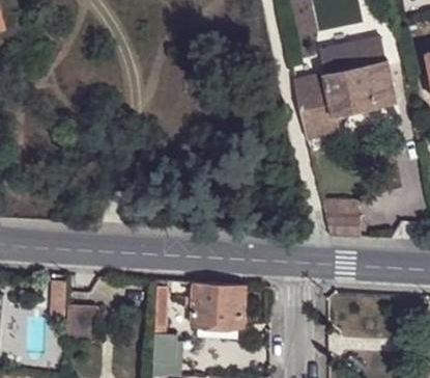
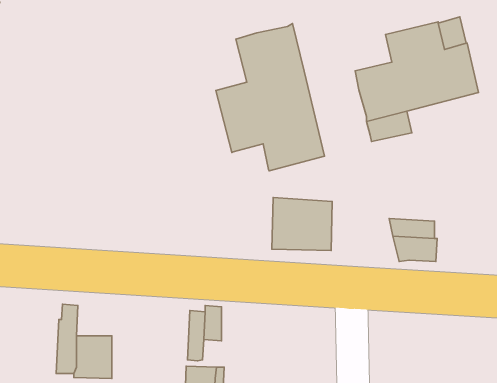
building: none -> [216,24,324,171]
building: [194,282,243,326] -> [272,198,332,251]

